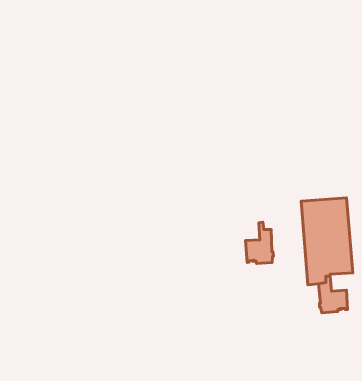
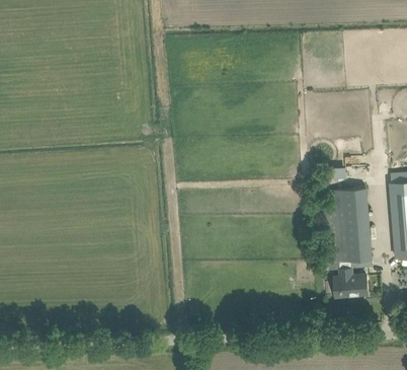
building: [245,222,273,264] -> none

